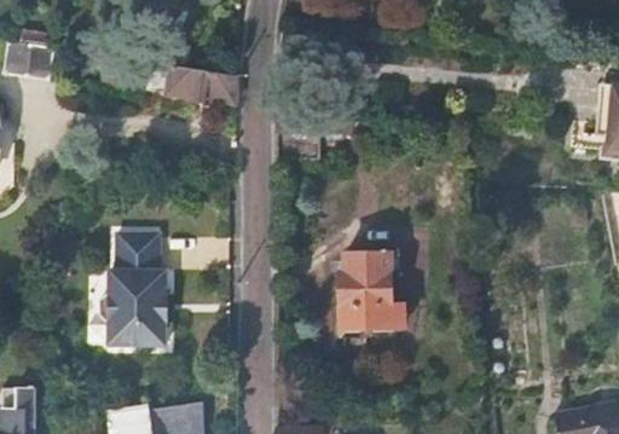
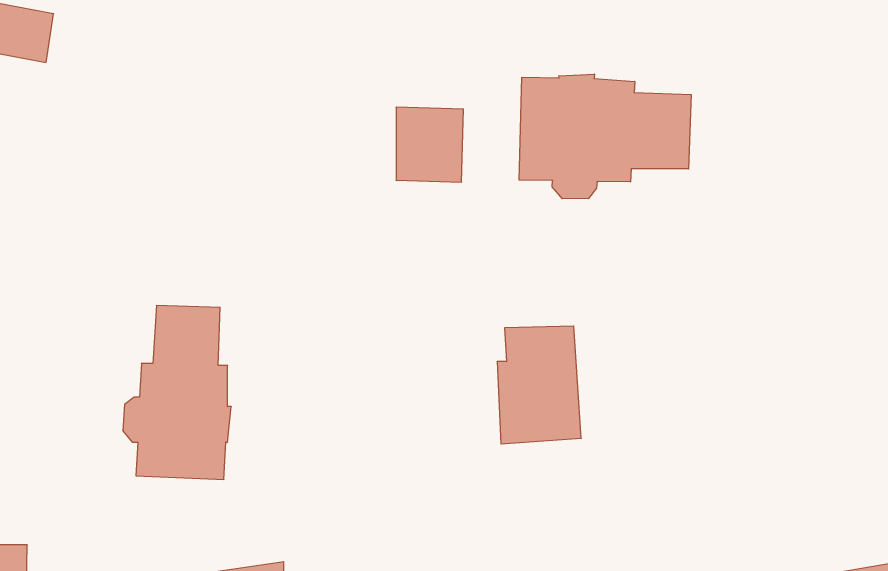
building: [147,64,236,106] -> none
building: none -> [519,74,691,199]

